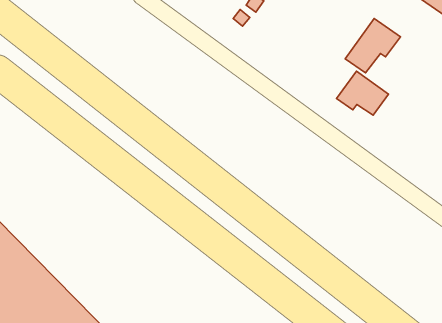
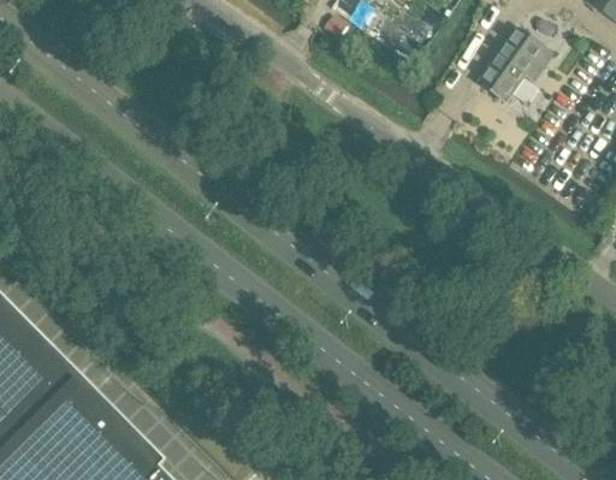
building: [336,71,388,115] -> none

